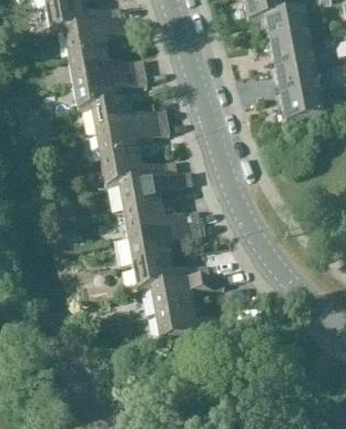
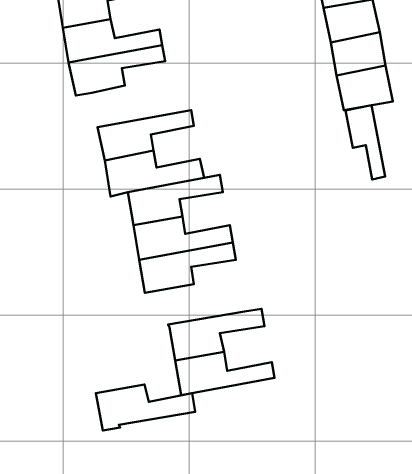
building: [91,100,167,134] -> none
building: none -> [345,105,385,179]
building: [132,255,208,290] -> [96,384,195,431]

